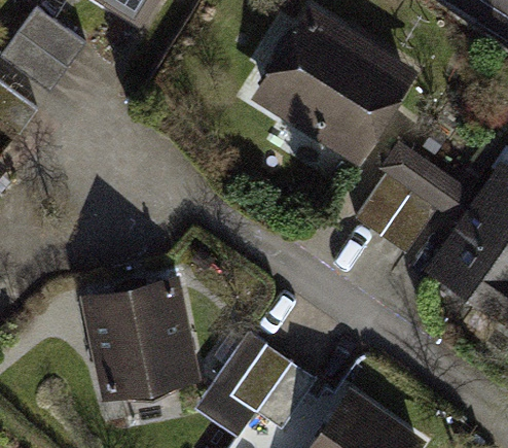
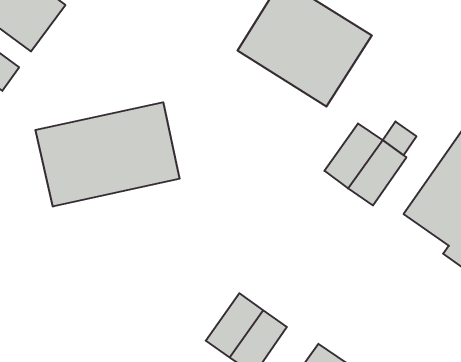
building: none -> [35,102,180,207]
building: [87,282,190,390] -> none

